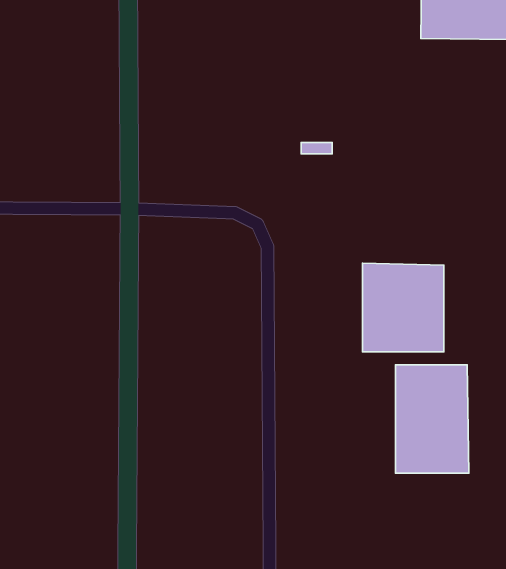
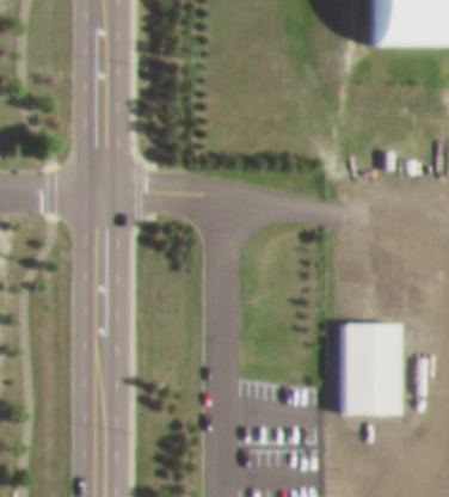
building: [362,263,444,352] -> none

